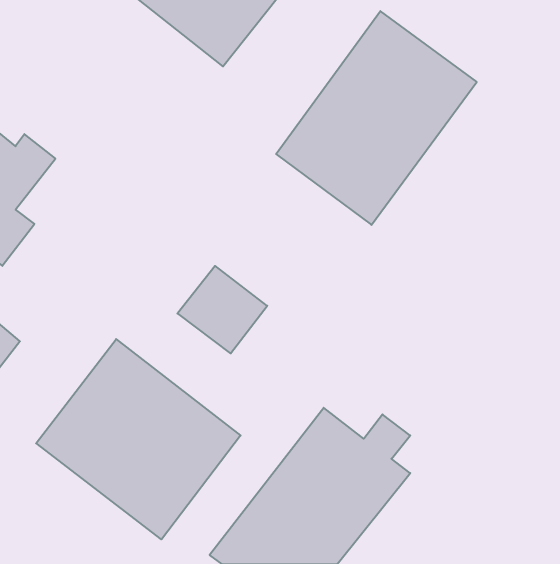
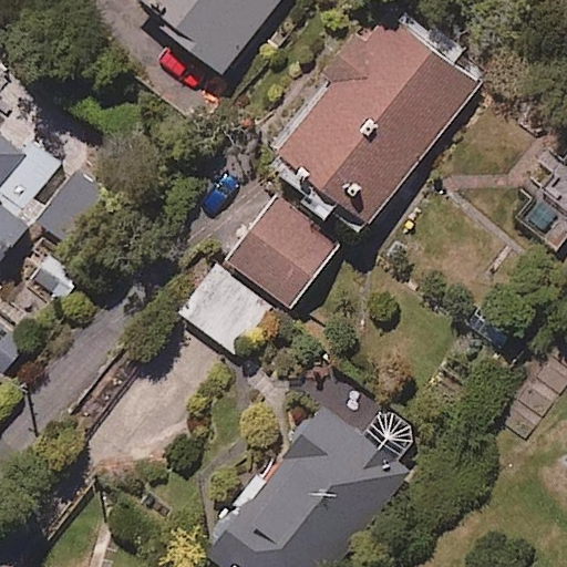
building: none -> [226,197,339,312]
building: [36,339,241,539] -> none

